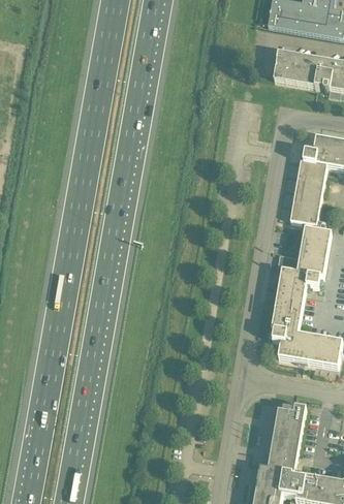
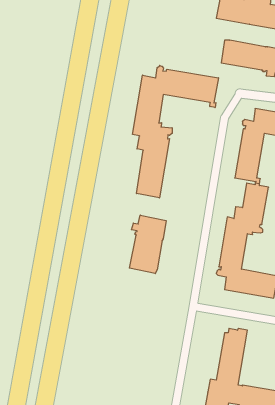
building: none -> [133,65,218,198]
building: none -> [129,215,166,274]

